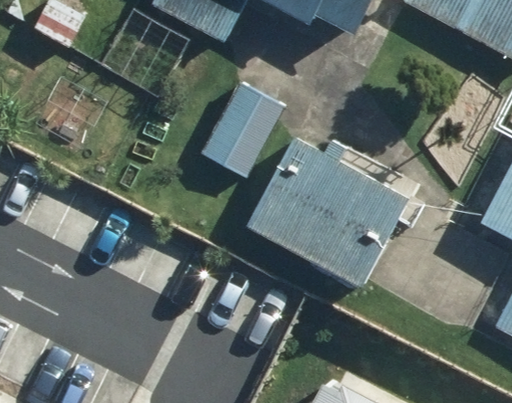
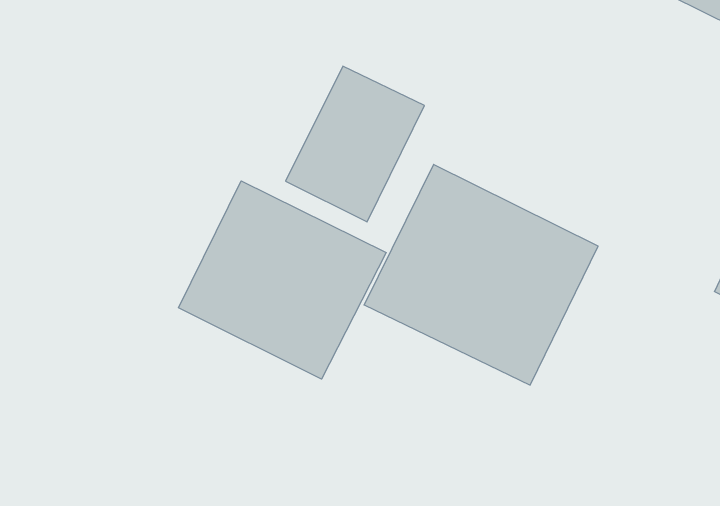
building: none -> [179,181,386,379]

